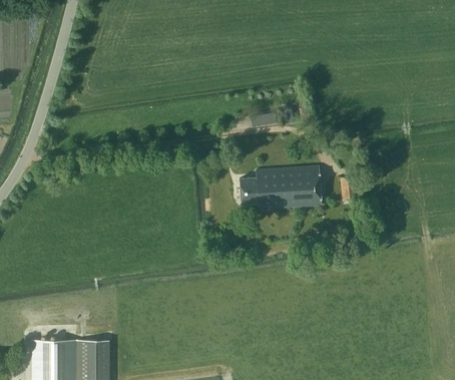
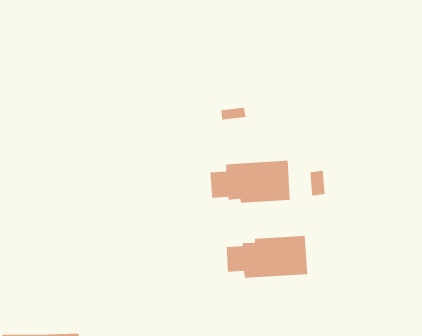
building: none -> [226,235,308,278]

